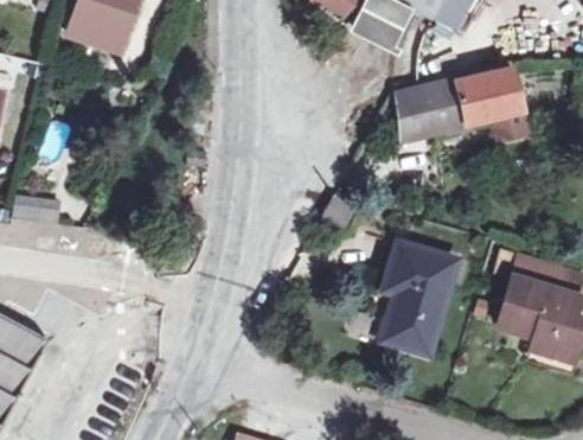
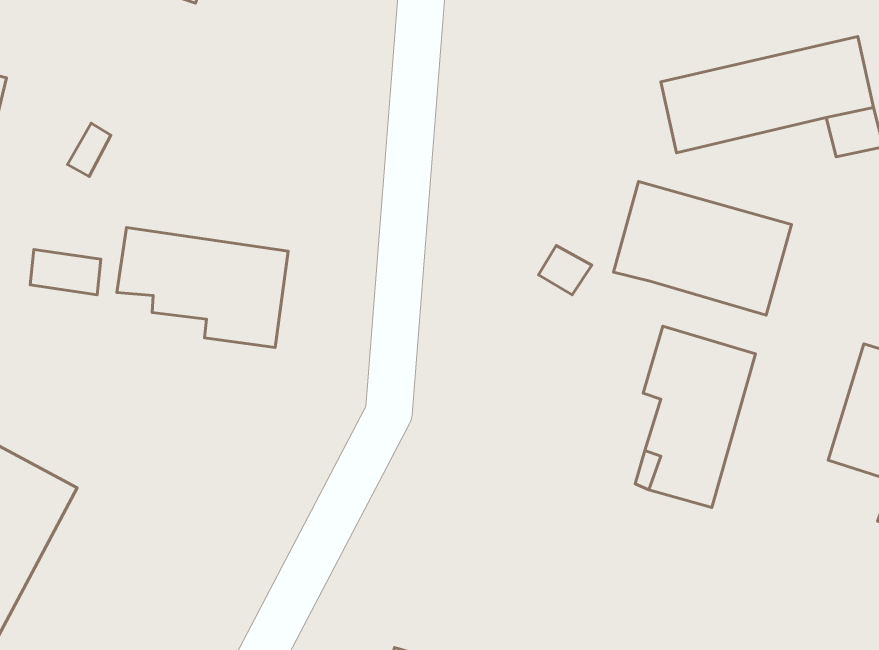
building: none -> [613,181,791,315]
building: none -> [117,228,288,347]

